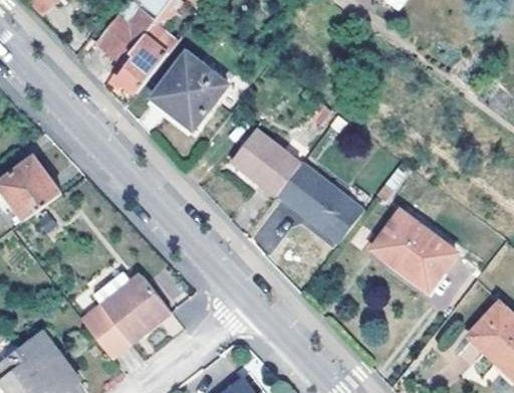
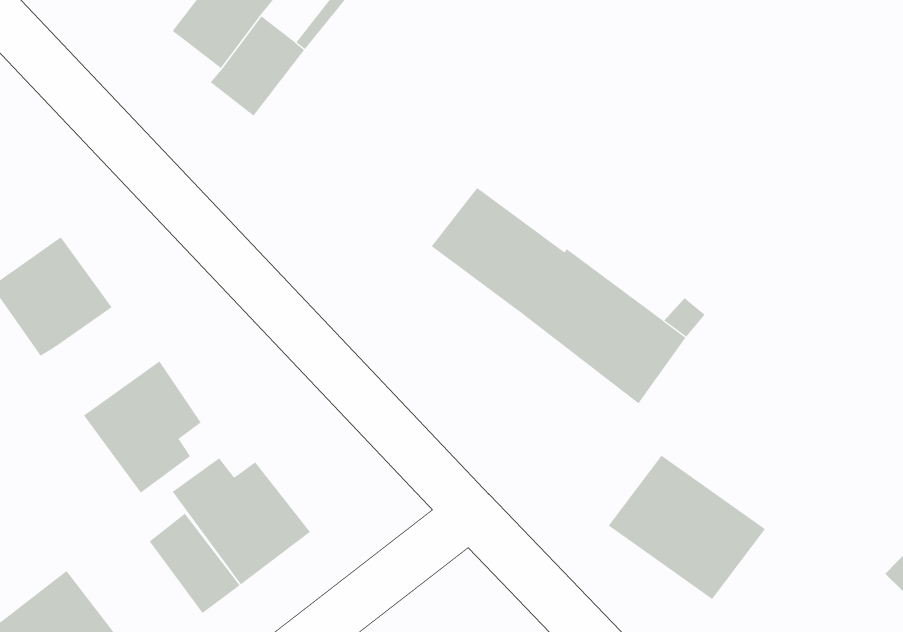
building: [152,50,227,127] -> none
building: [372,212,456,288] -> [608,455,766,600]
building: none -> [83,361,202,494]

